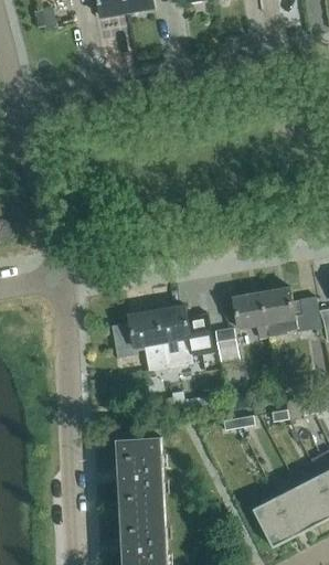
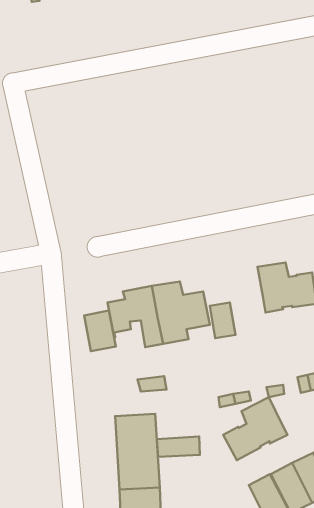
building: [222,291,268,339] -> none
building: none -> [84,311,116,351]
building: none -> [223,397,288,460]
building: none -> [157,436,200,457]

